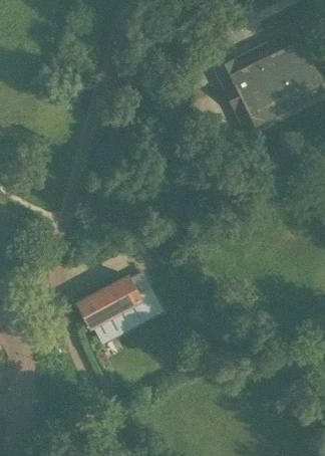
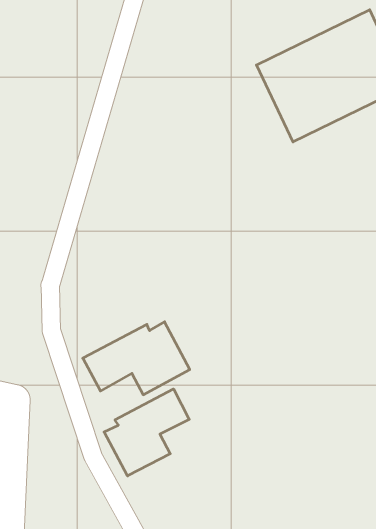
building: none -> [104,389,189,476]

